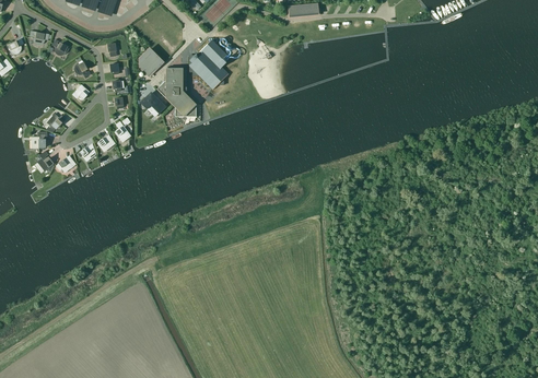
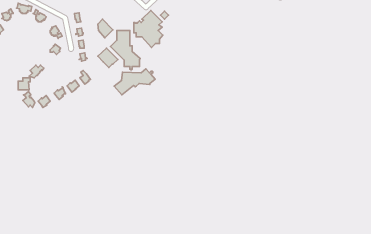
building: none -> [114,69,155,95]

